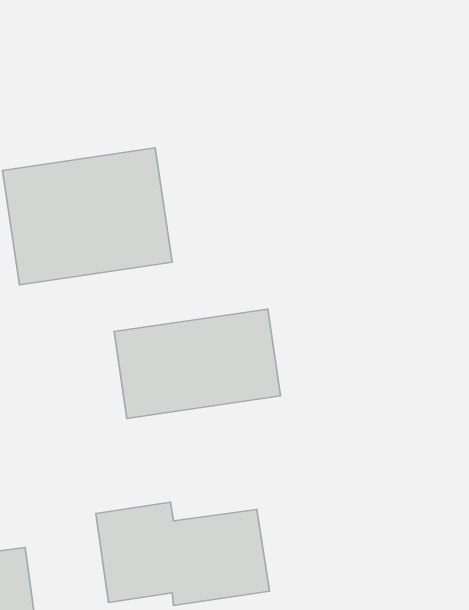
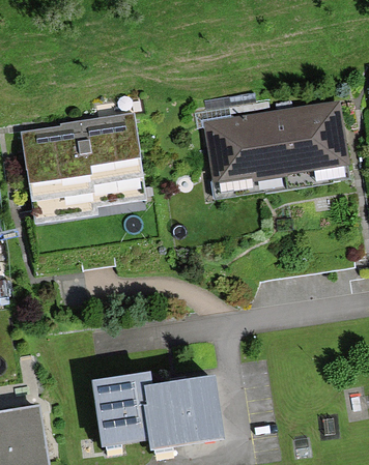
building: none -> [209,100,347,188]
building: [114,309,281,419] -> none

